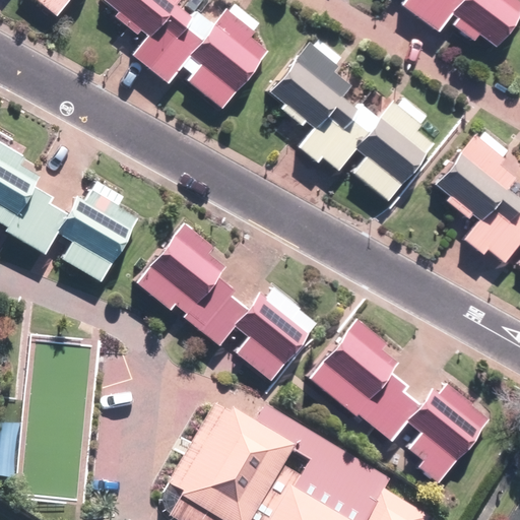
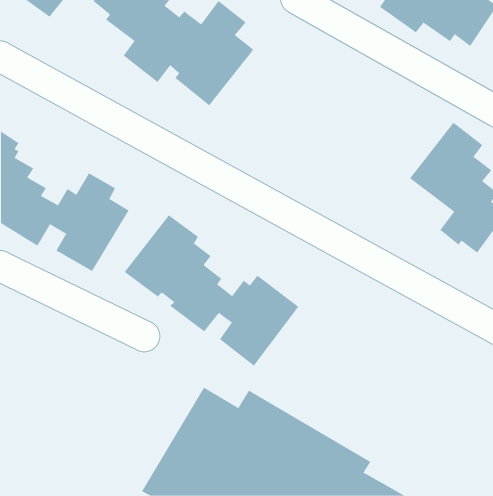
building: [268,37,436,202] -> none
building: [306,319,491,483] -> none

